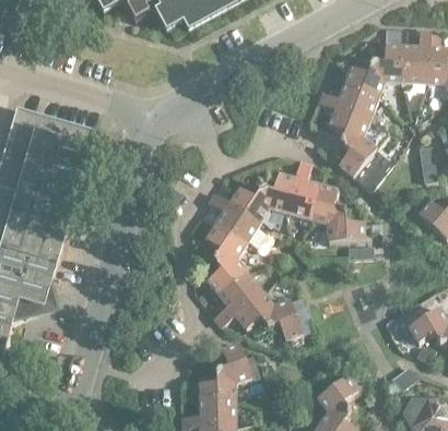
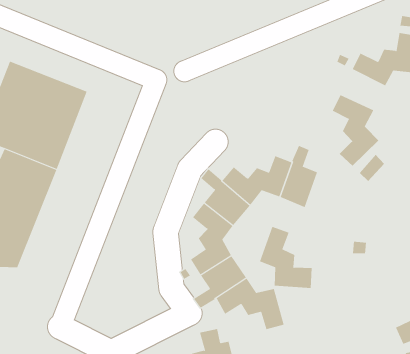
building: [318,83,377,120] -> none
building: [311,184,364,241] -> [259,226,312,288]

